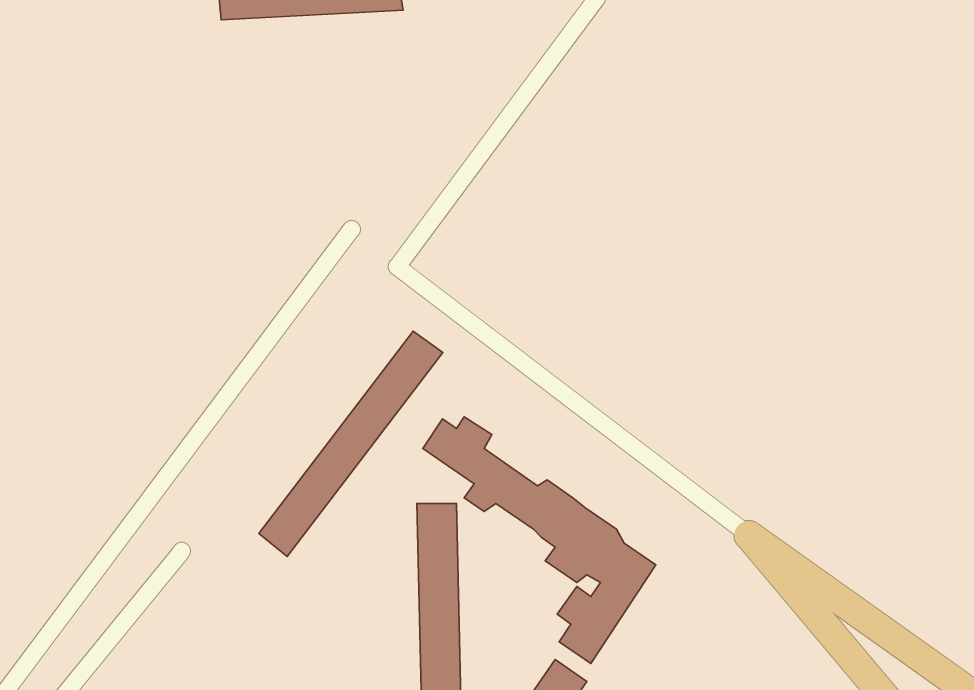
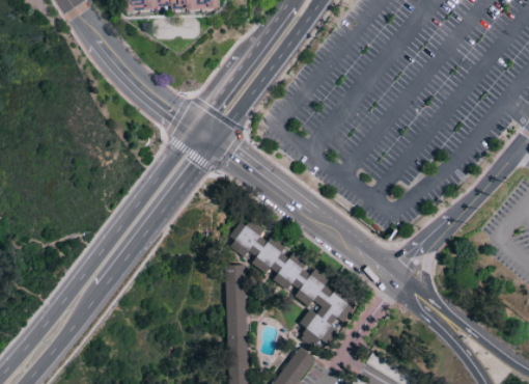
building: [259,331,443,557] -> none

